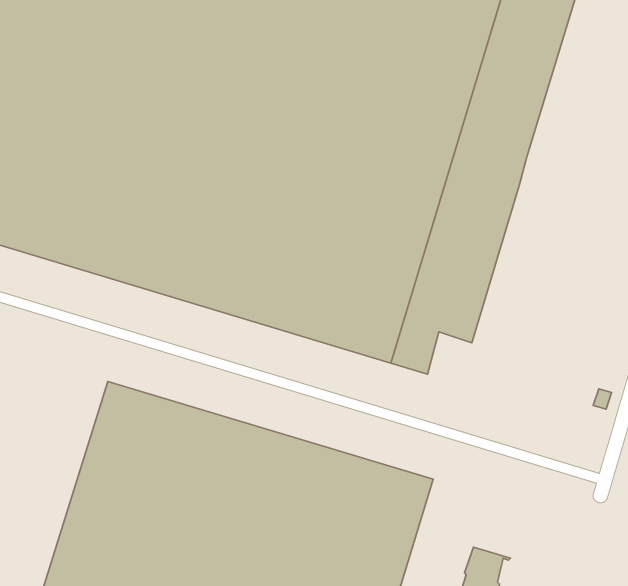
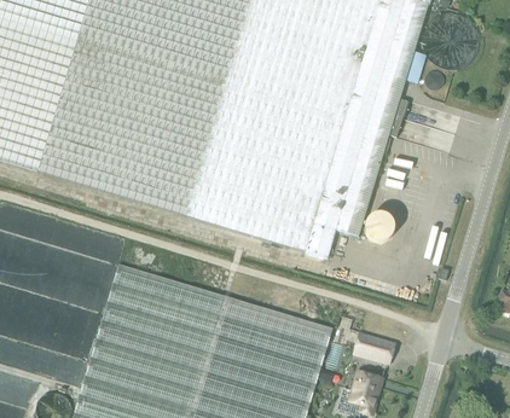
building: none -> [353,333,394,362]

